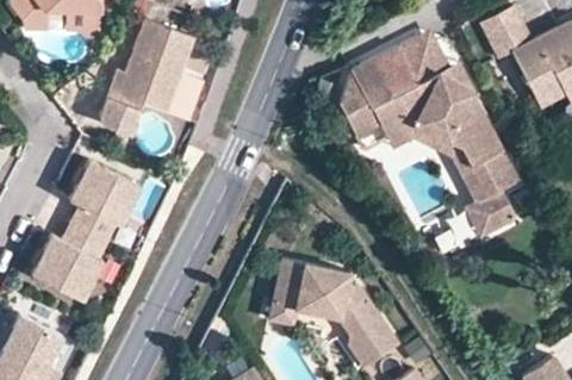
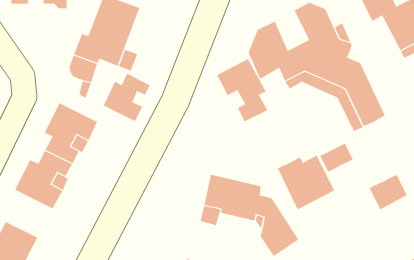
building: none -> [217,58,268,122]
building: none -> [103,73,150,122]
building: [461,187,511,233] -> [369,174,407,210]
building: none -> [277,155,335,210]

